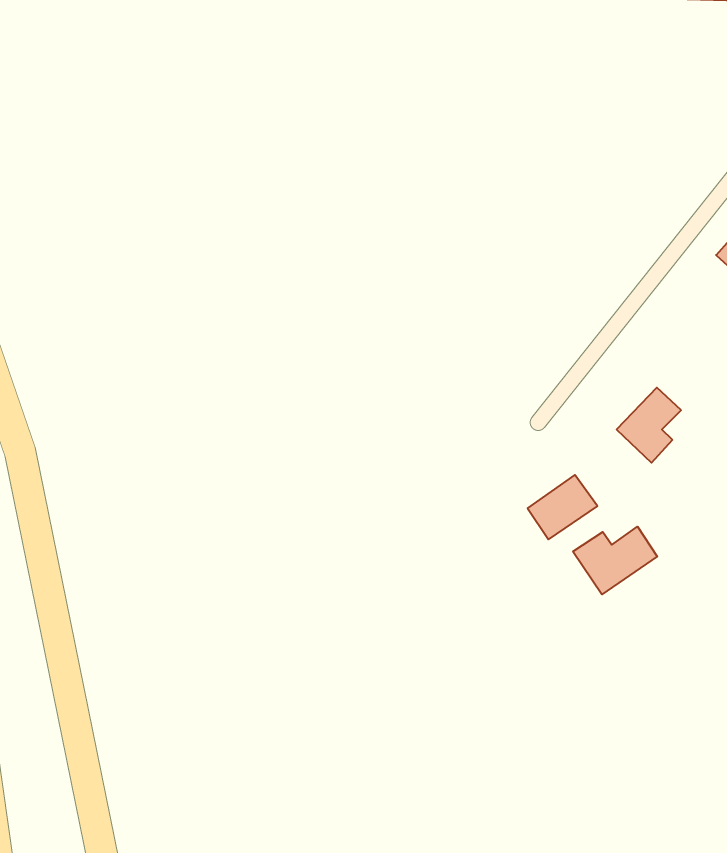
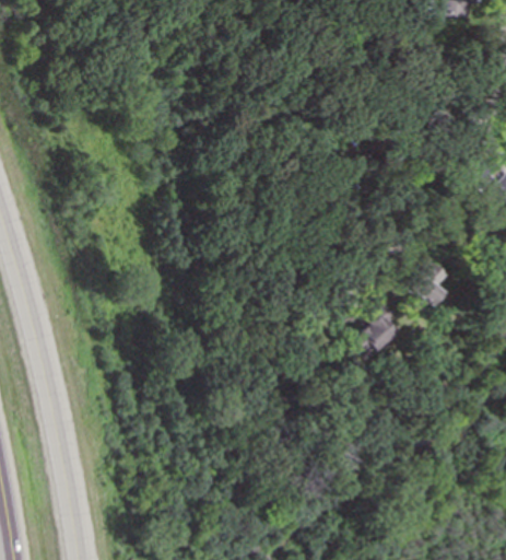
building: [573,527,657,594] -> none

